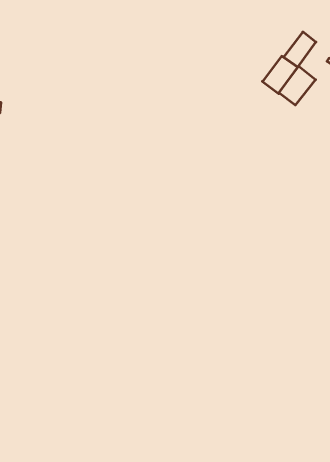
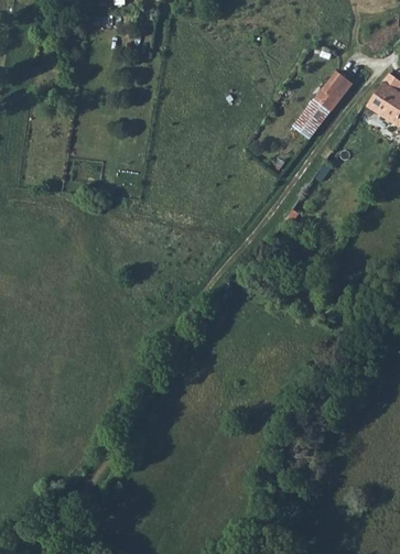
building: [279,66,316,105] -> none

